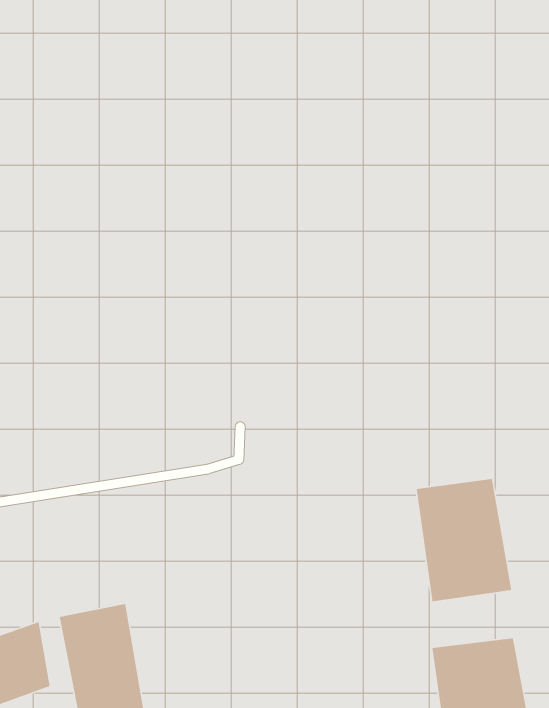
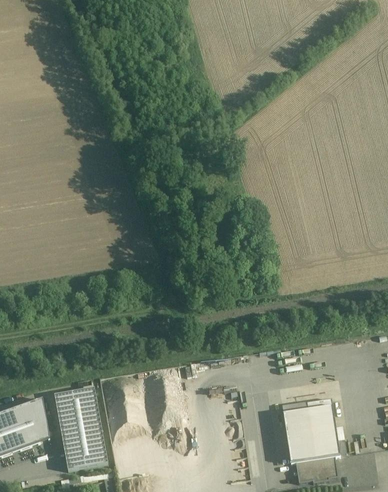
building: [416,478,512,602] -> none

